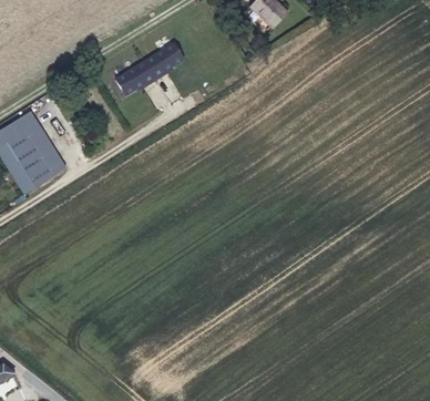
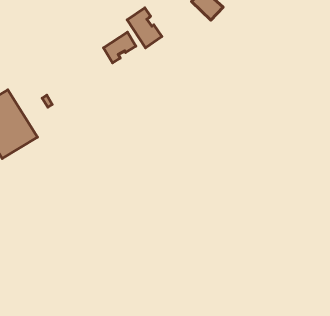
building: none -> [127,8,162,48]
building: [114,62,155,96] -> none

